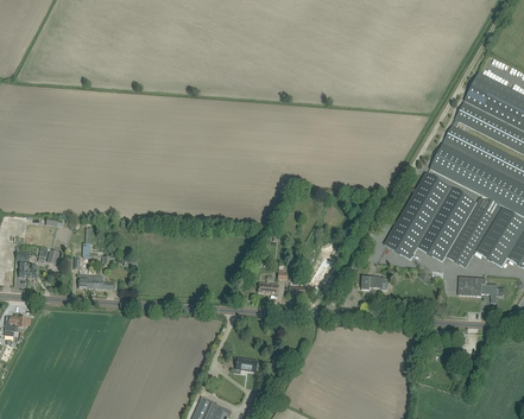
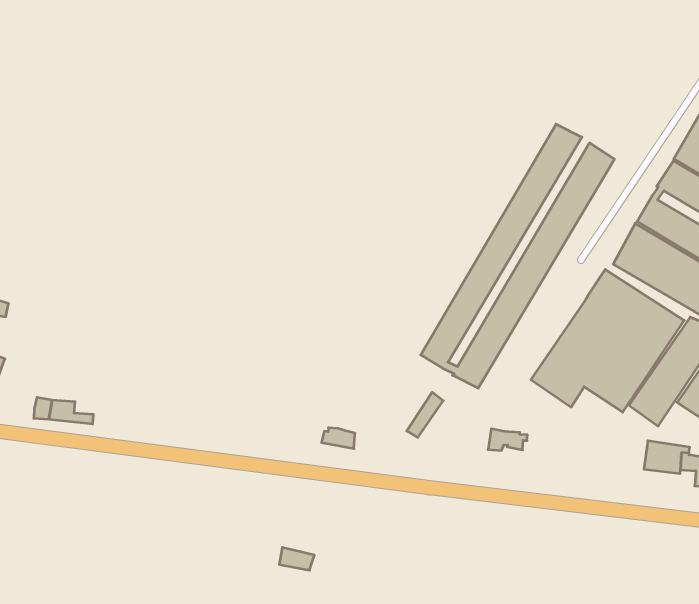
building: none -> [421,124,614,388]

